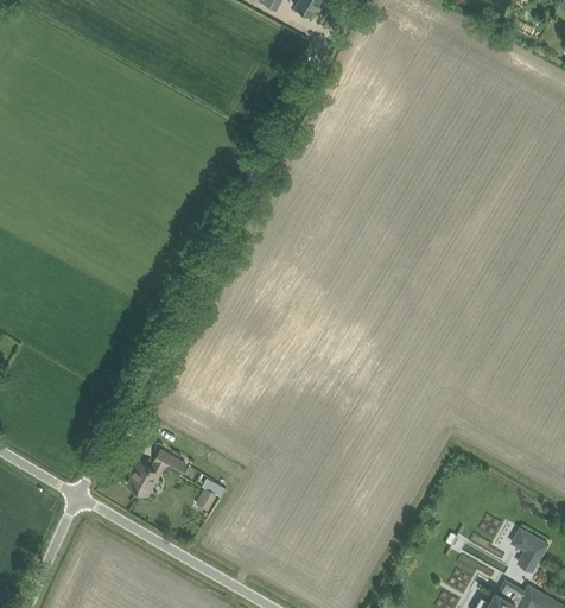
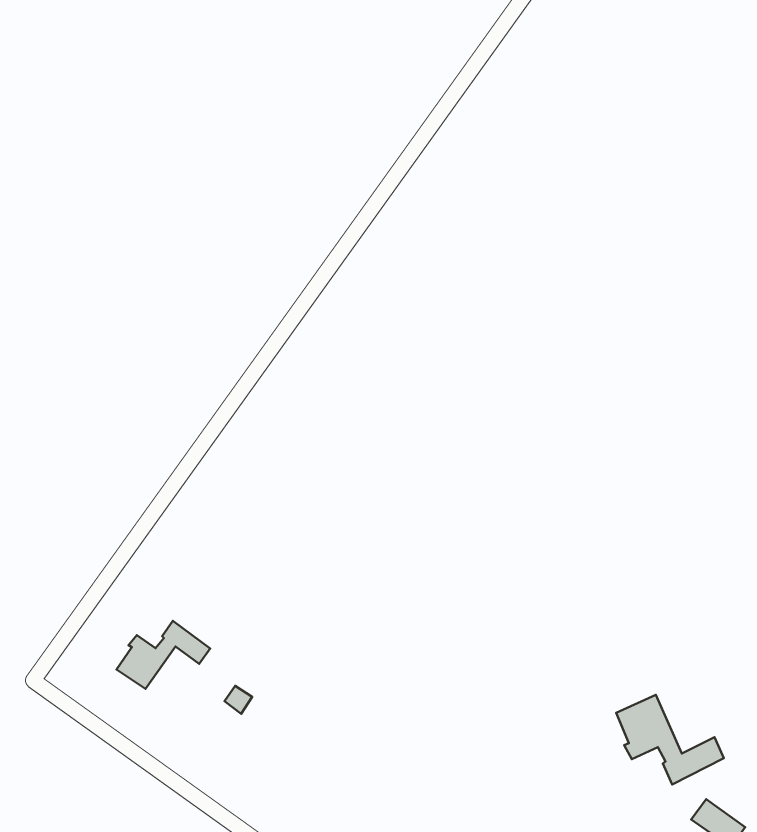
building: none -> [616,695,724,785]

